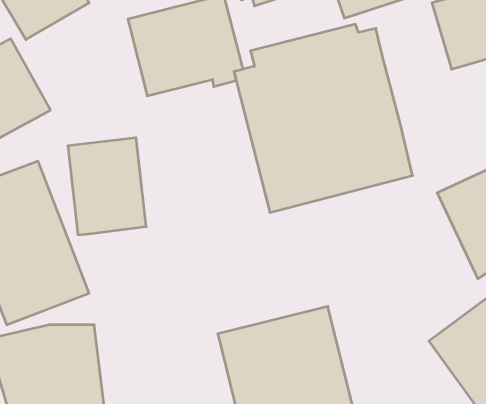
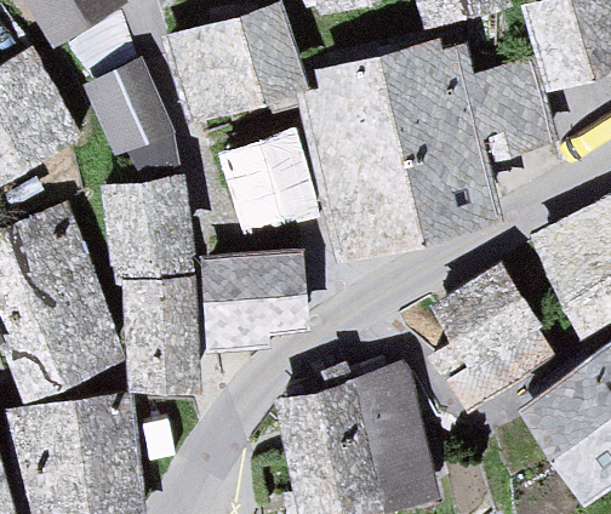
building: none -> [470,58,552,156]
building: none -> [79,63,169,159]
building: none -> [213,132,316,240]
building: none -> [196,245,313,352]
building: none -> [419,265,552,406]
building: none -> [122,278,198,389]

